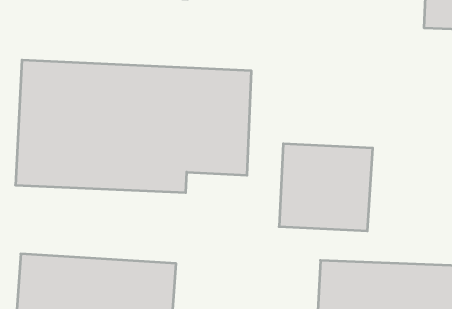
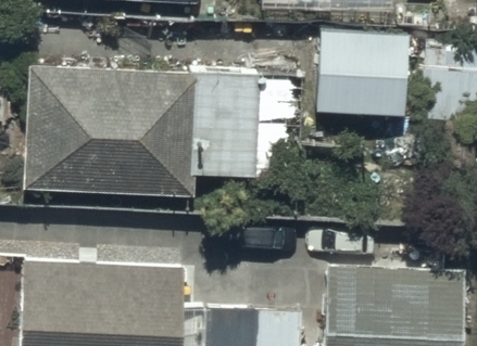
building: [279,144,373,231] -> [317,33,412,120]

